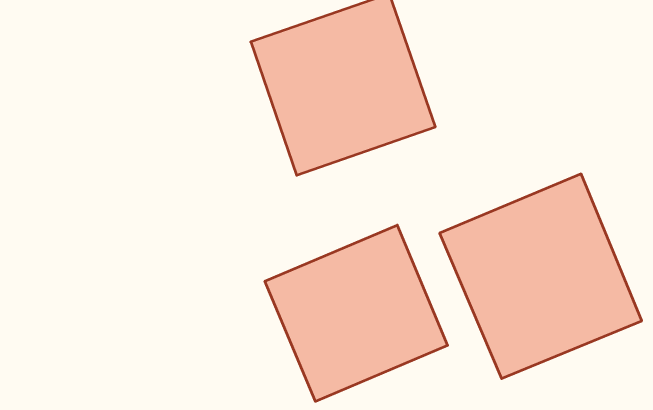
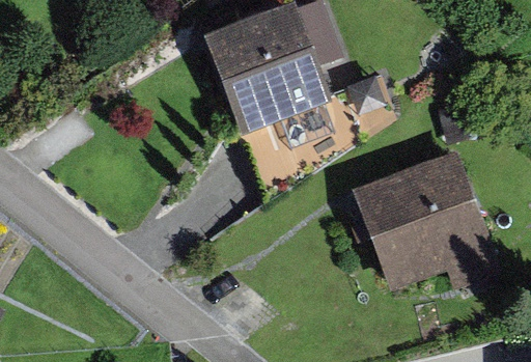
building: [265,225,448,401] -> none

